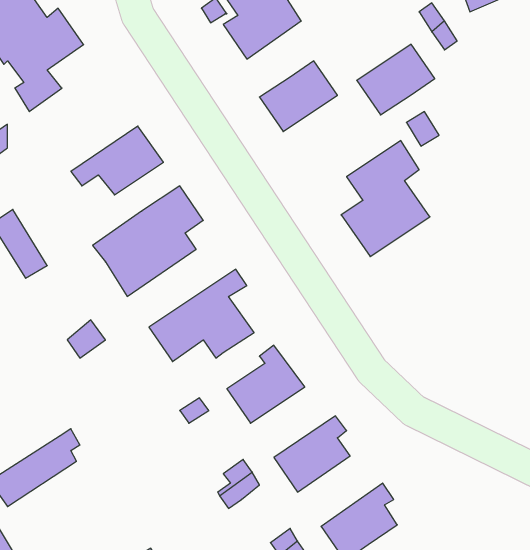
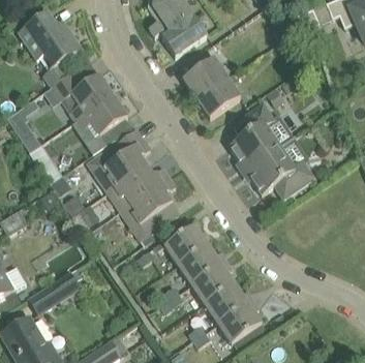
building: [357,44,435,115] -> [195,78,240,118]
building: none -> [51,71,113,121]
building: none -> [245,147,313,200]
building: none -> [107,165,169,210]
building: none -> [177,244,225,284]
building: none -> [204,283,252,324]

